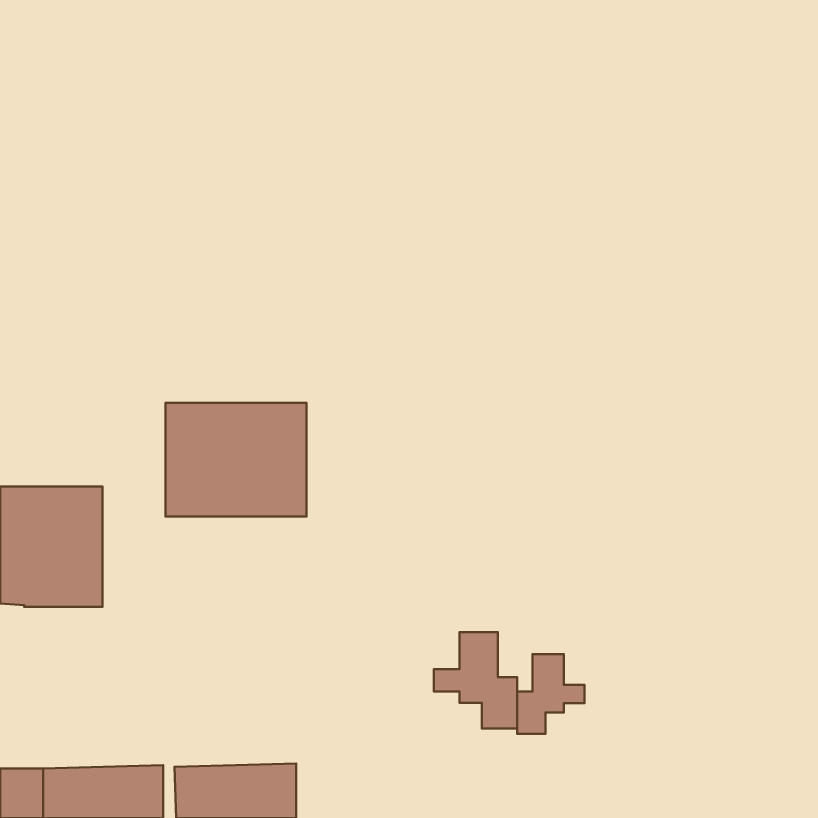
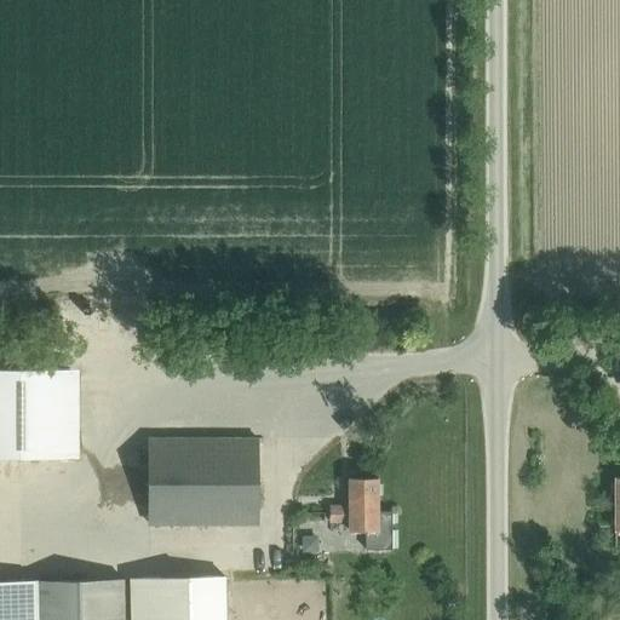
building: [166,403,306,517] -> [149,440,256,526]
building: [517,654,584,734] -> none

